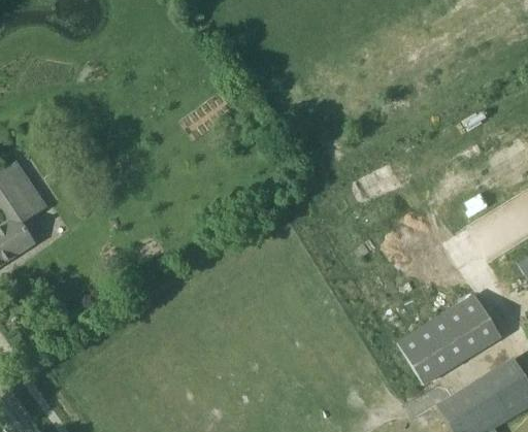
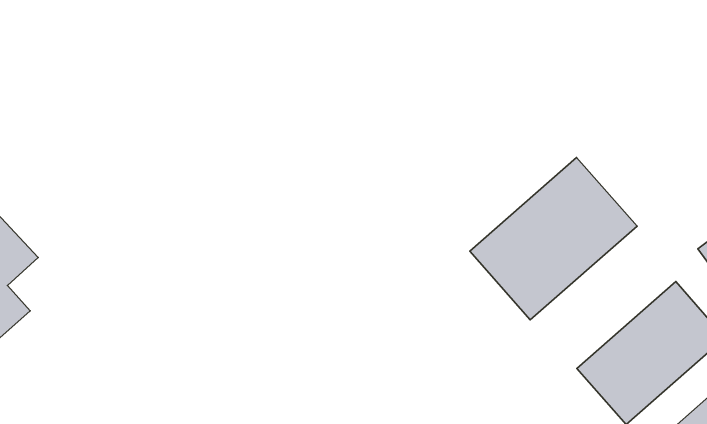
building: none -> [470,158,637,320]

